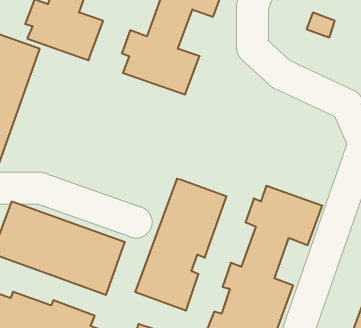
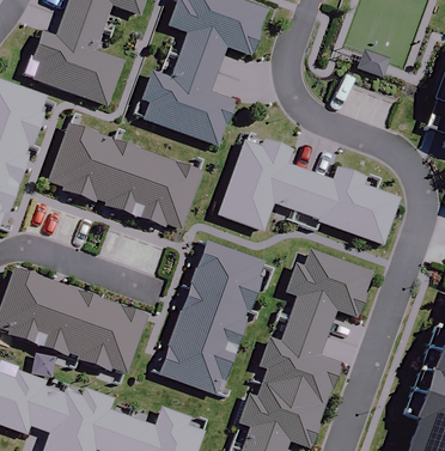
building: none -> [44,123,193,236]
building: none -> [219,138,398,242]

